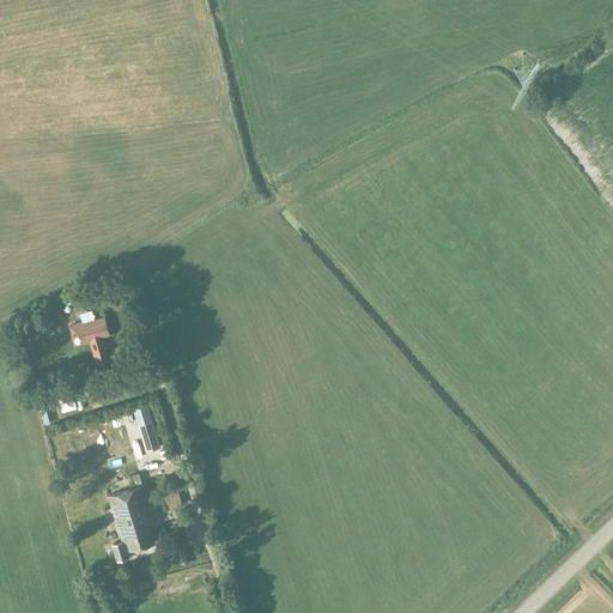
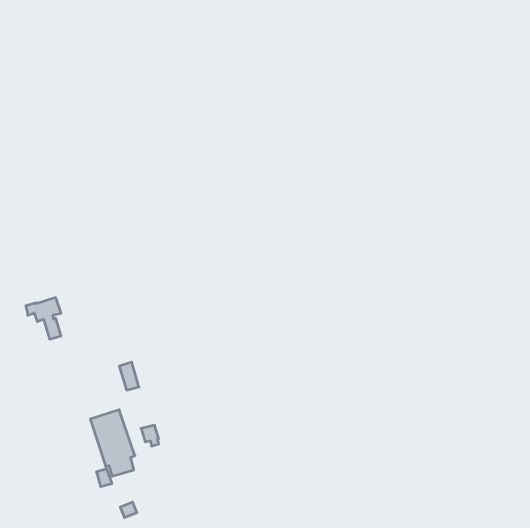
building: [69,318,110,366] -> [26,298,61,339]

